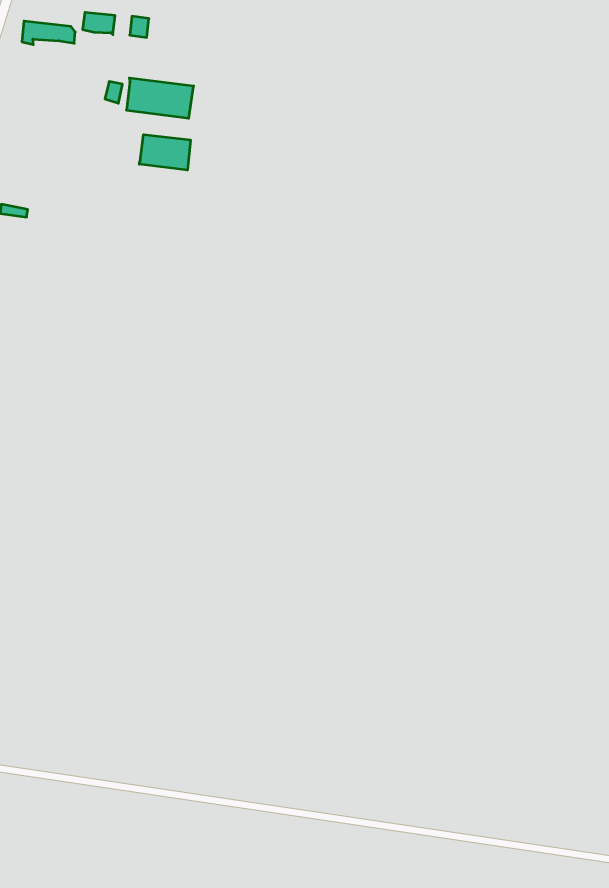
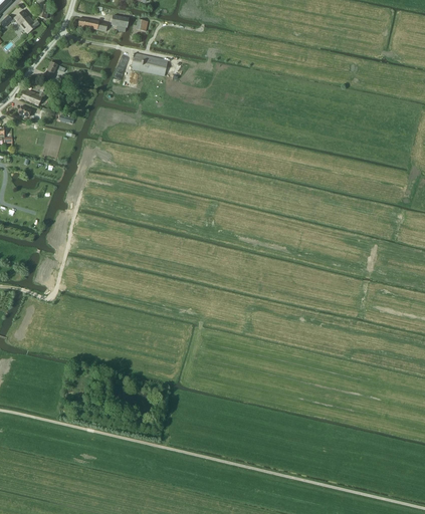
building: [139,135,190,170] -> none

